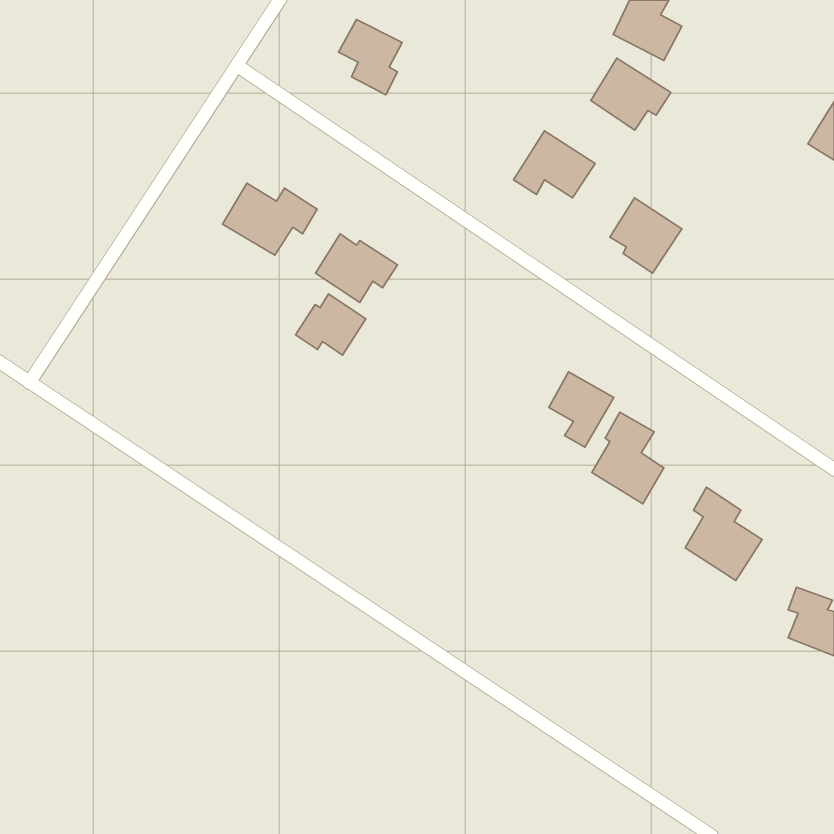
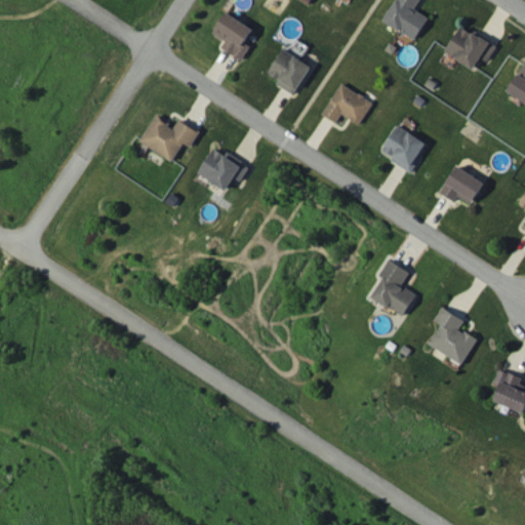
building: [591,58,671,130] -> [445,25,495,70]
building: none -> [268,49,311,95]
building: none -> [440,166,484,204]
building: [295,294,366,355] -> none
building: [549,372,614,447] -> none

